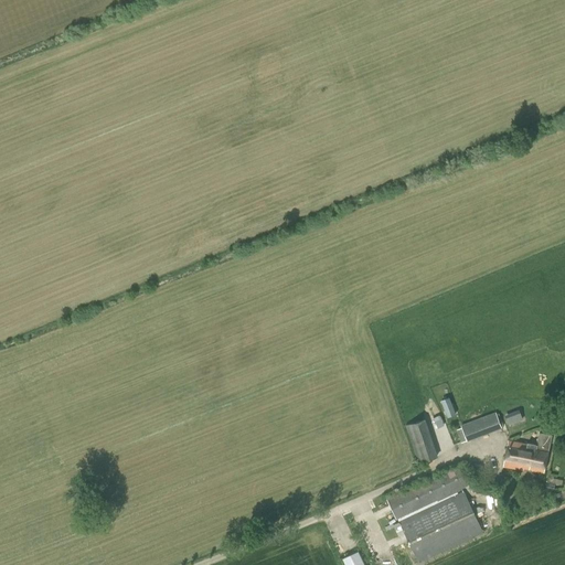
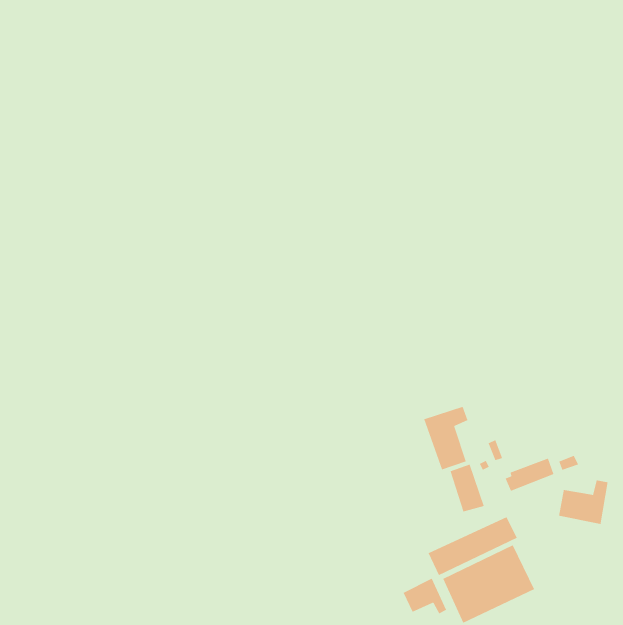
building: none -> [423,406,468,470]
building: none -> [403,578,447,614]

